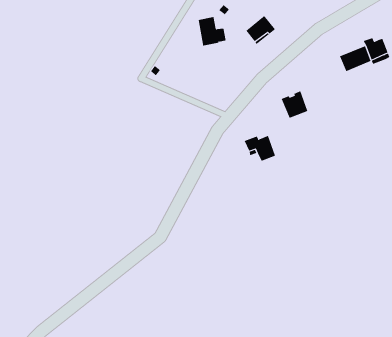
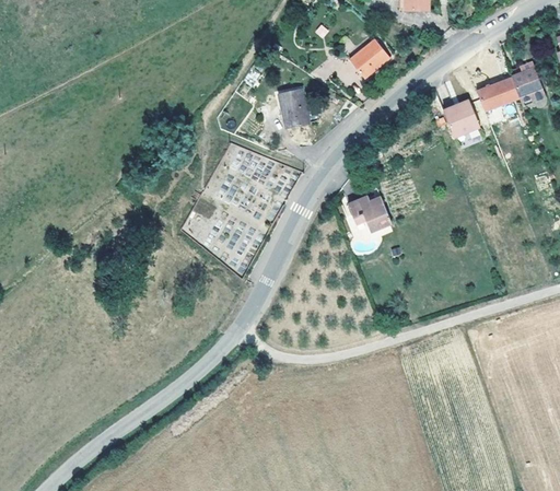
building: [198,17,226,46] -> [277,85,315,125]
building: [281,91,308,118] -> [442,101,478,138]

